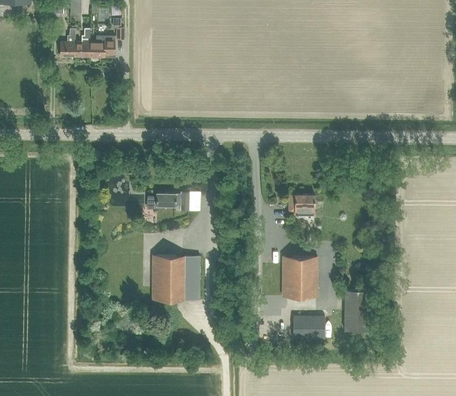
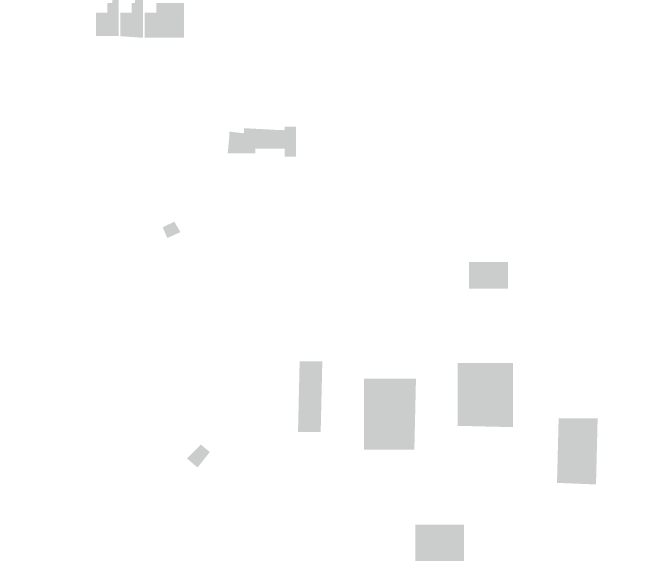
building: [146,192,189,211] -> [227,126,297,157]
building: [152,256,185,300] -> [363,378,417,450]
building: [293,316,324,339] -> [414,524,465,562]

